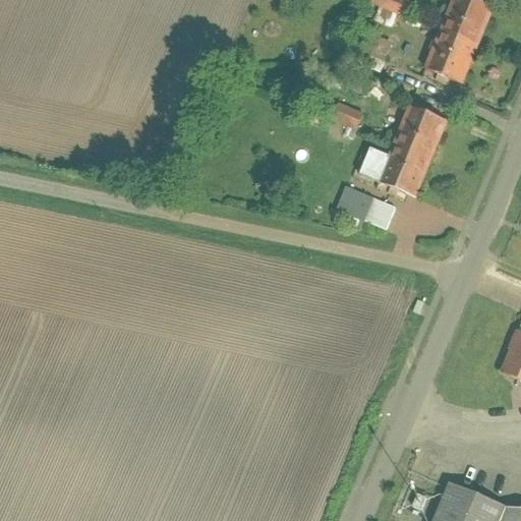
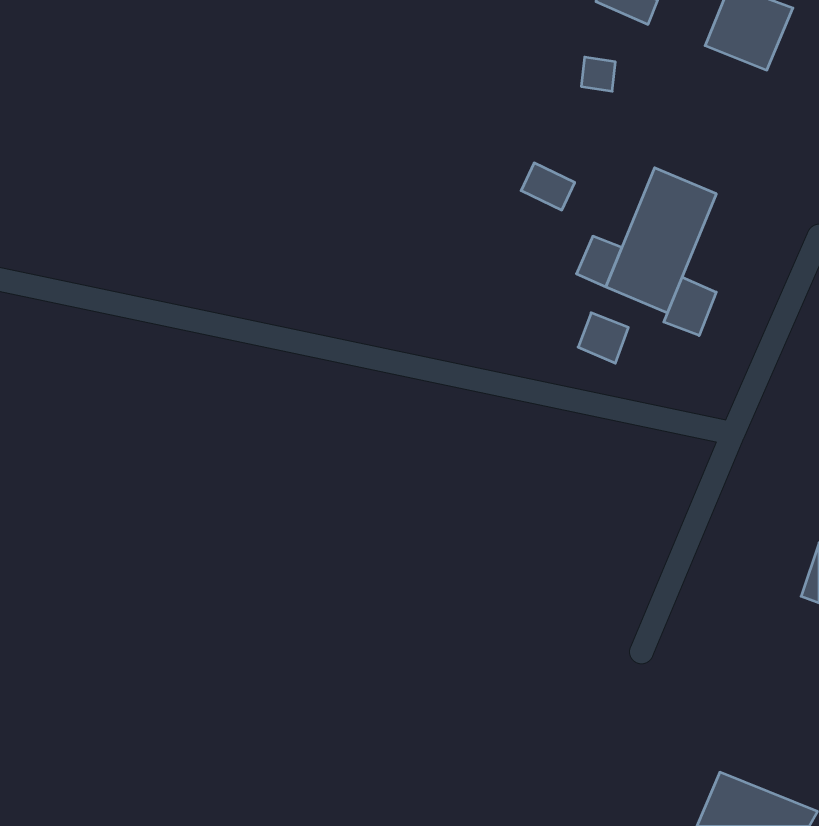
building: [425,28,479,82] -> none
building: none -> [664,277,716,336]
building: [335,184,369,218] -> none

